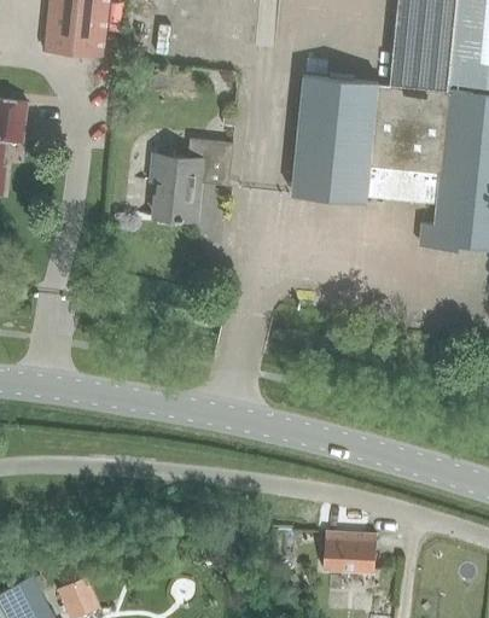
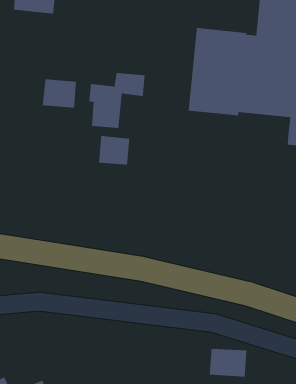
building: none -> [42,78,77,109]
building: none -> [98,135,130,165]

